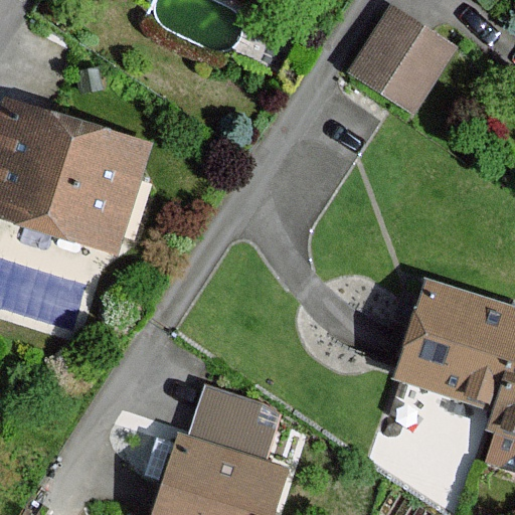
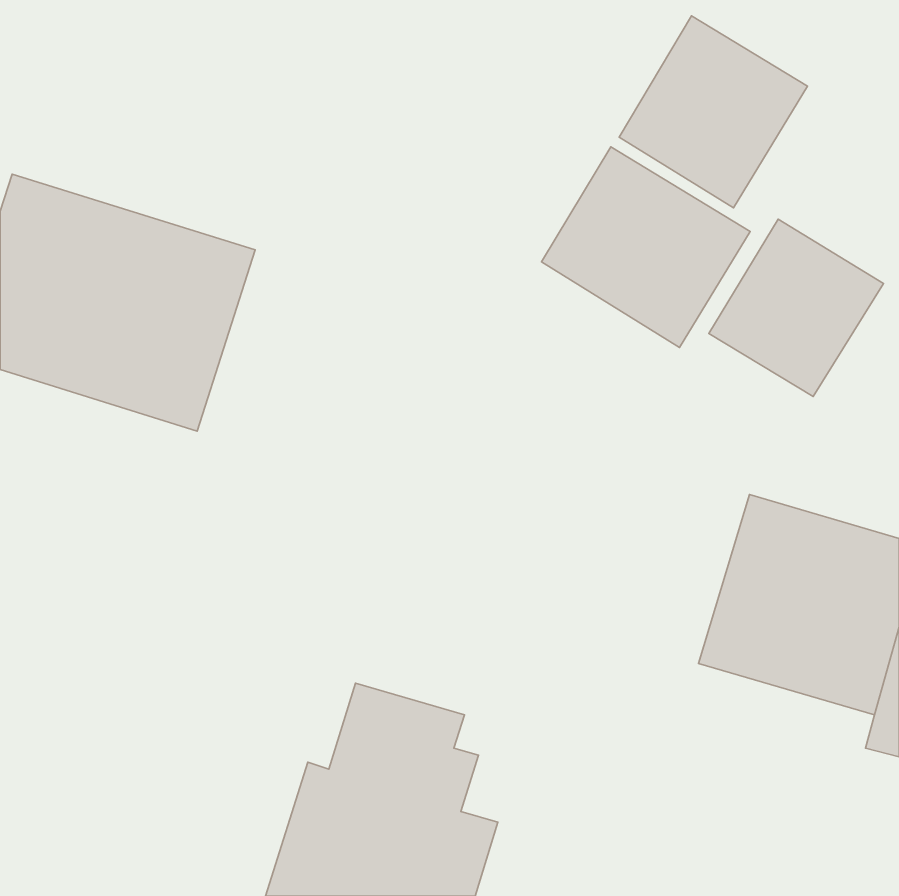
building: none -> [542,147,750,347]
building: none -> [709,219,883,396]

